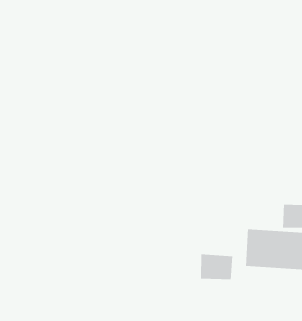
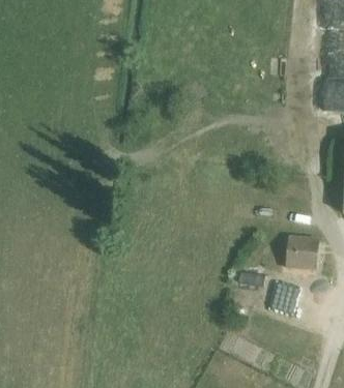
building: [200,254,233,280] -> none

